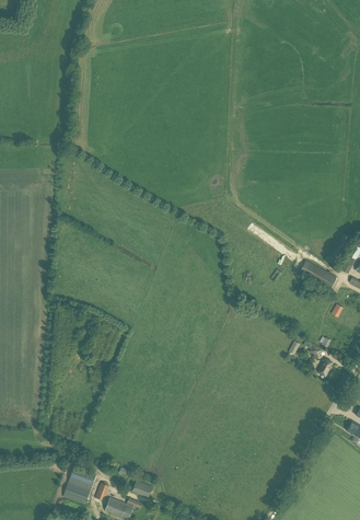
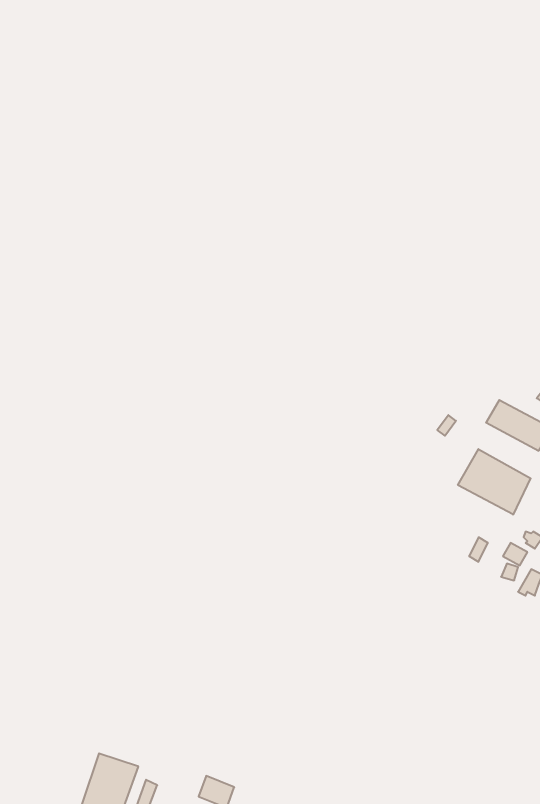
building: none -> [458,449,531,515]

